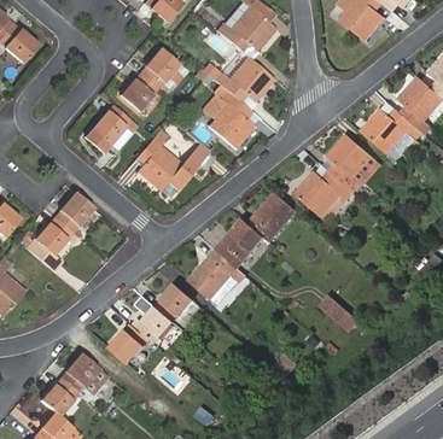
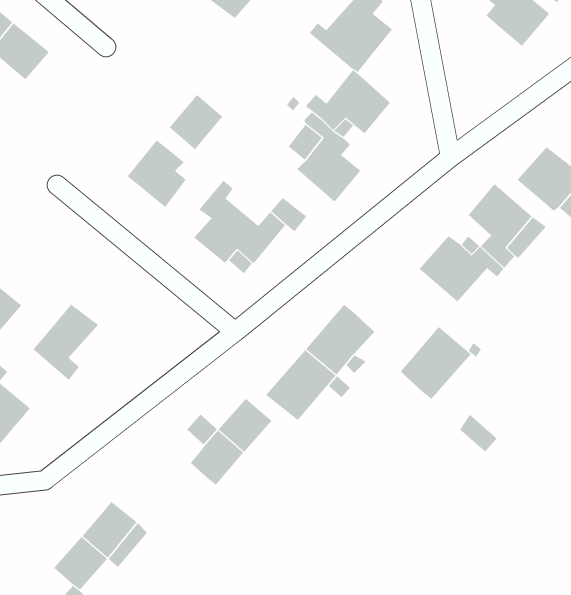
building: [140,48,179,88] -> none
building: [247,191,297,241] -> [400,326,472,400]
building: [53,192,93,232] -> none
building: [109,322,148,362] -> none

